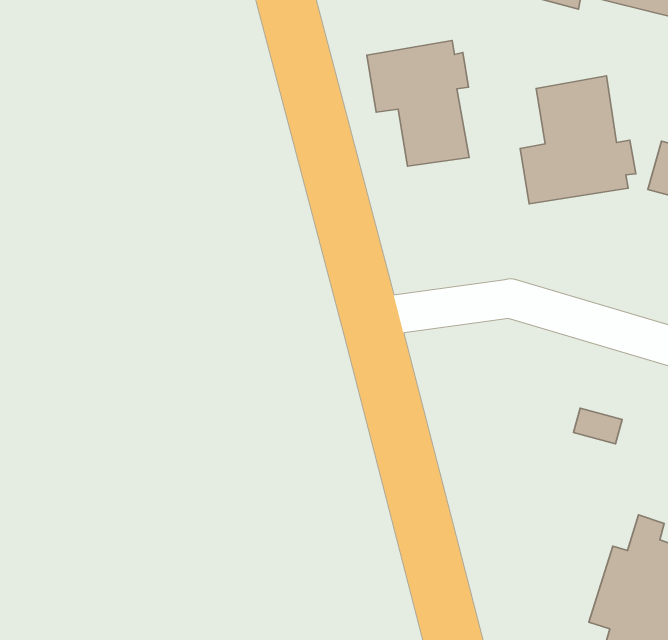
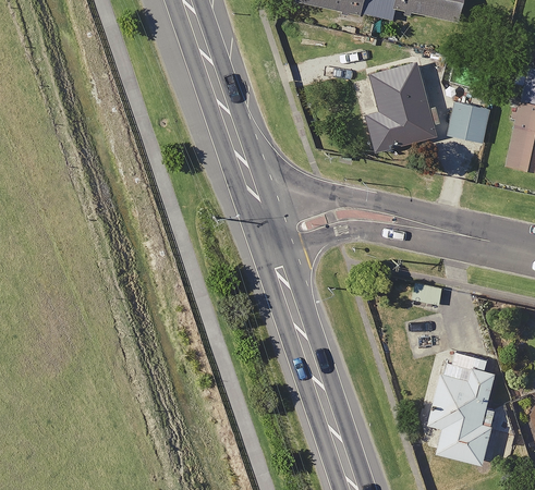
building: [367,41,469,166] -> none

